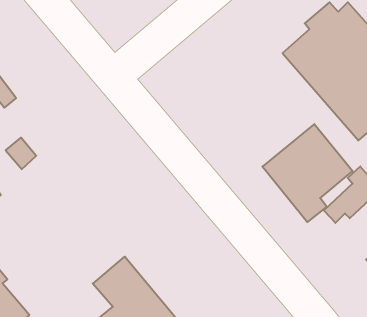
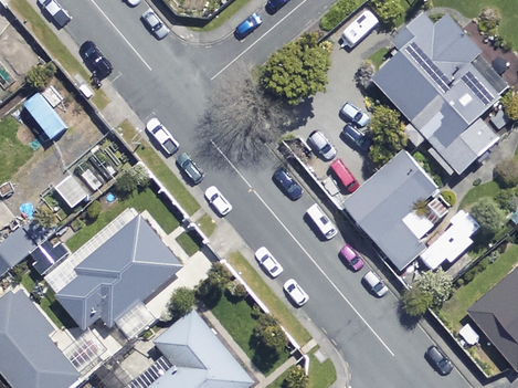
building: none -> [55,216,180,328]

